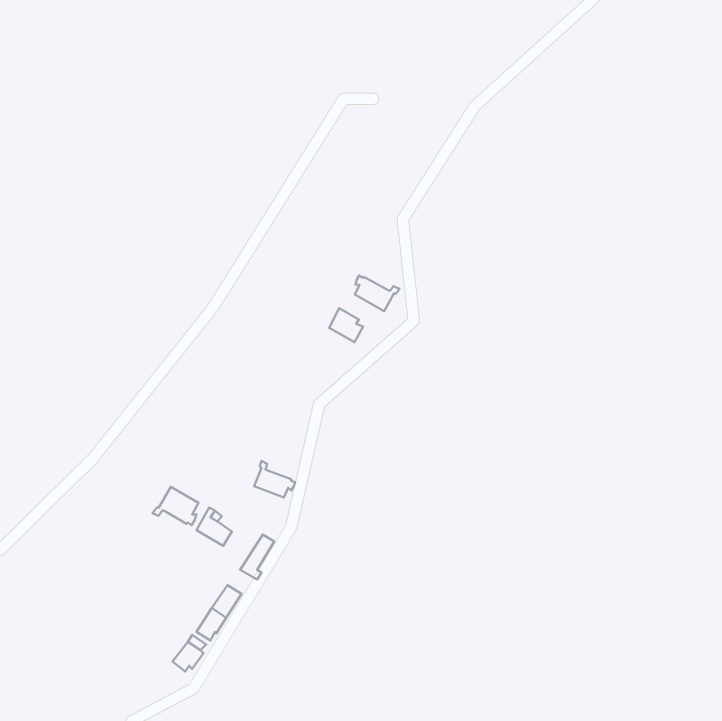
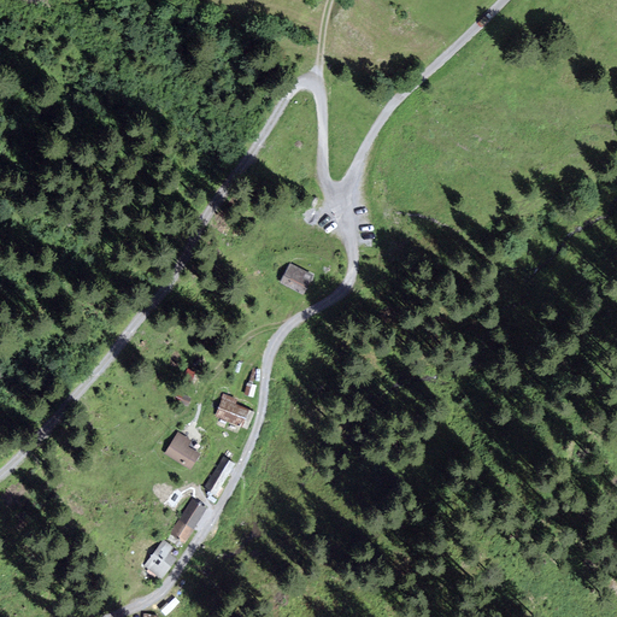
building: [355,275,400,311] -> none
building: [153,487,198,525] -> none

